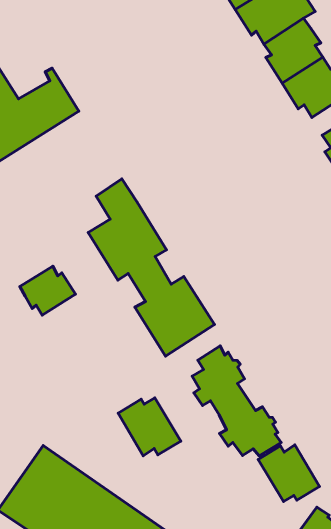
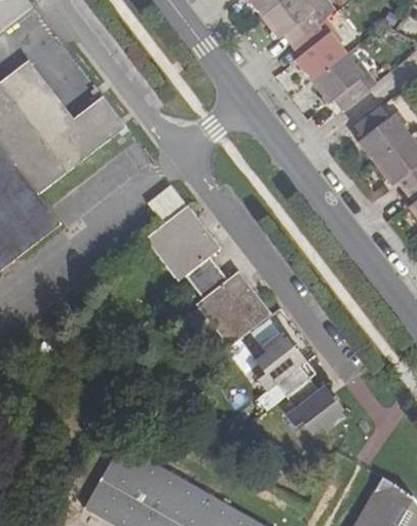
building: [20,266,75,315] -> none
building: [118,398,181,456] -> none
building: [258,445,319,501] -> none

